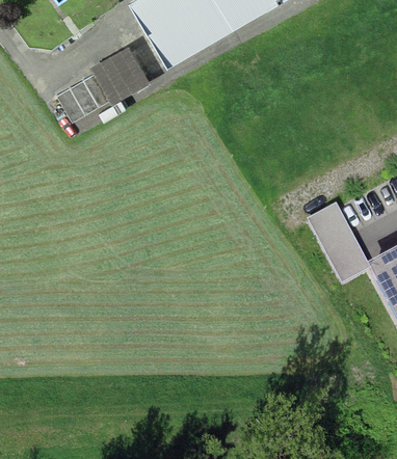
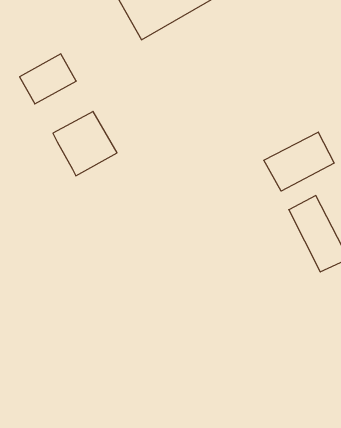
building: [91,46,153,107] -> [53,111,117,176]
building: none -> [264,132,334,191]

